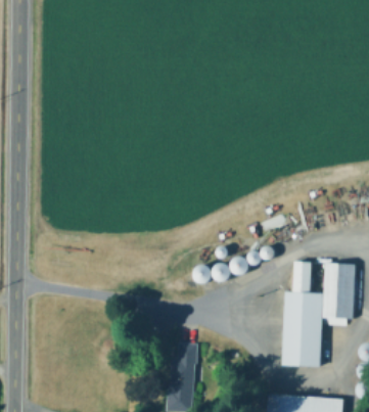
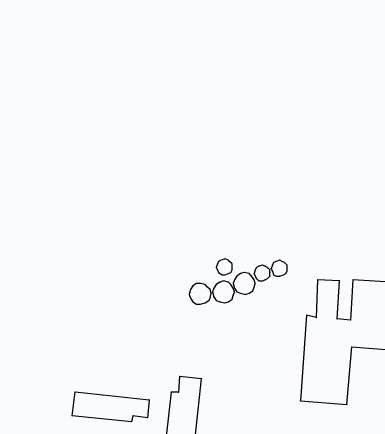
building: none -> [72,392,149,422]

